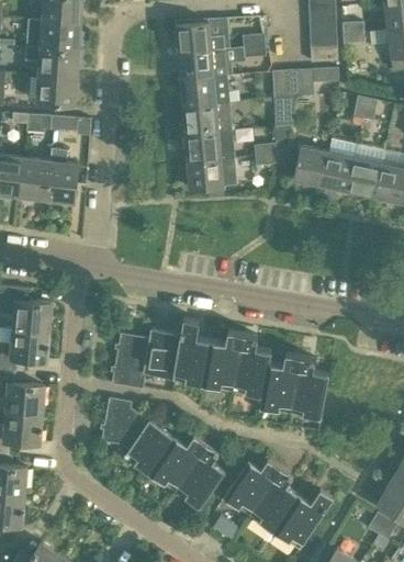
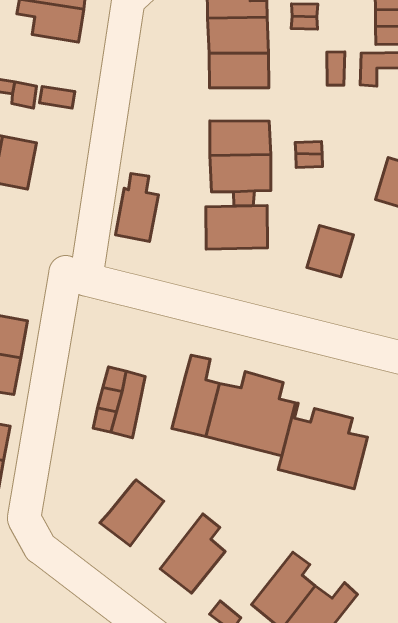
building: [277,70,303,126] -> none
building: [37,75,77,104] -> none
building: [183,103,233,133] -> none
building: [294,146,329,186] -> [307,225,354,277]
building: [45,148,77,201] -> [115,174,158,241]
building: none -> [206,206,268,249]
building: [145,330,181,379] -> none
building: [101,398,146,449] -> none
building: [147,437,203,491] -> none
building: [223,461,277,514] -> none

